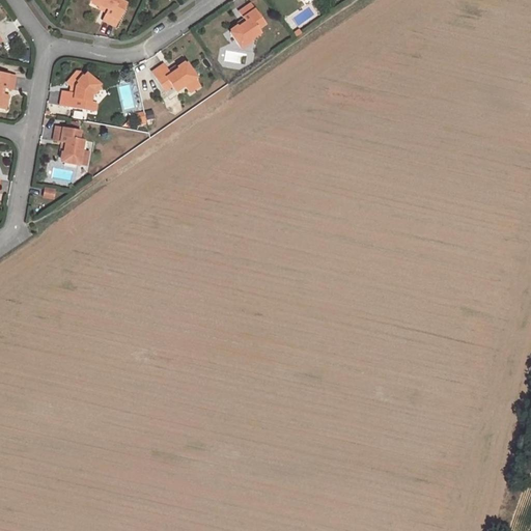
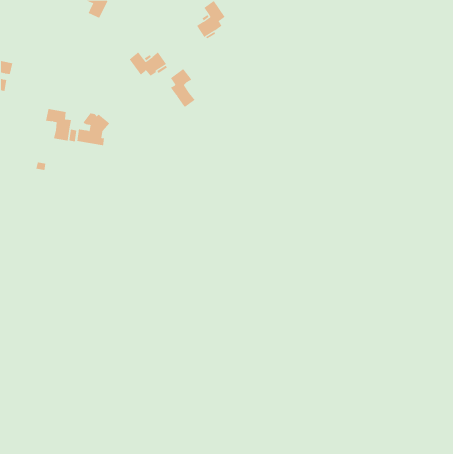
building: [61,73,101,111] -> [76,113,110,146]
building: none -> [170,68,195,108]

